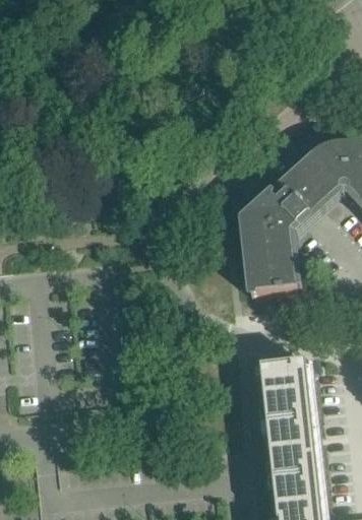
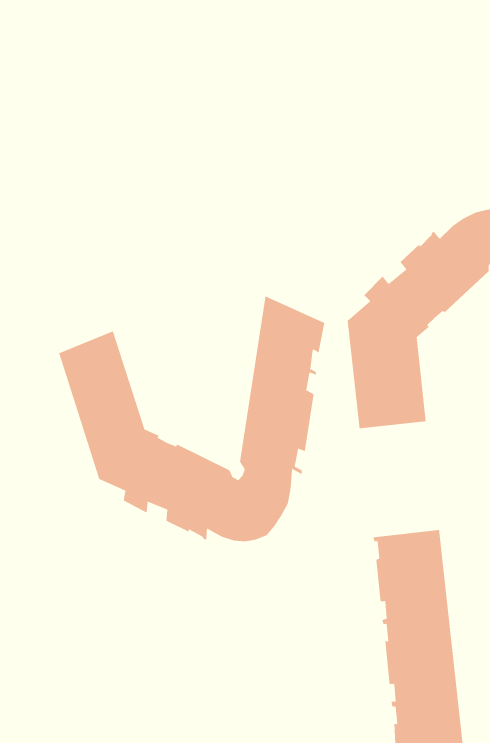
building: none -> [59,295,325,542]

